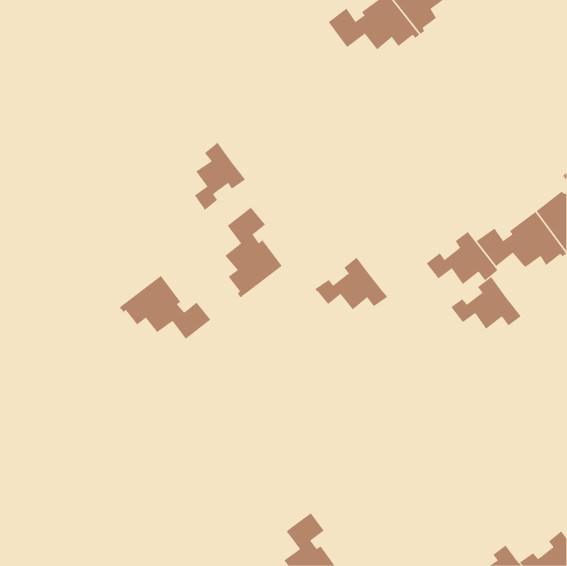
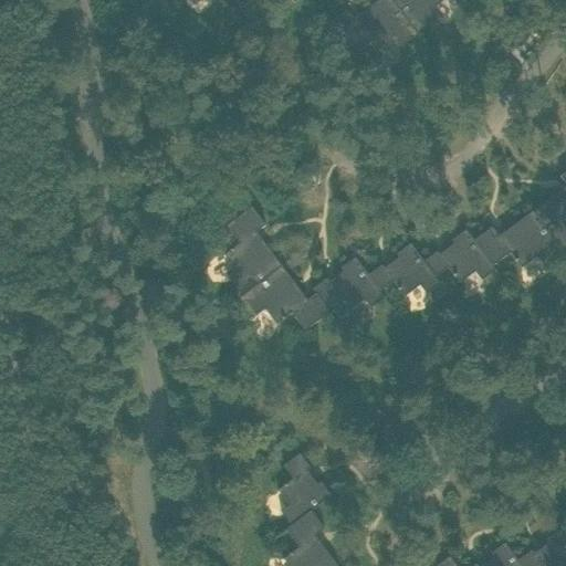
building: [194,142,246,211] -> none
building: [119,275,211,340] -> [239,264,331,328]
building: [450,276,522,330] -> [368,242,439,295]
building: none -> [276,452,329,524]

